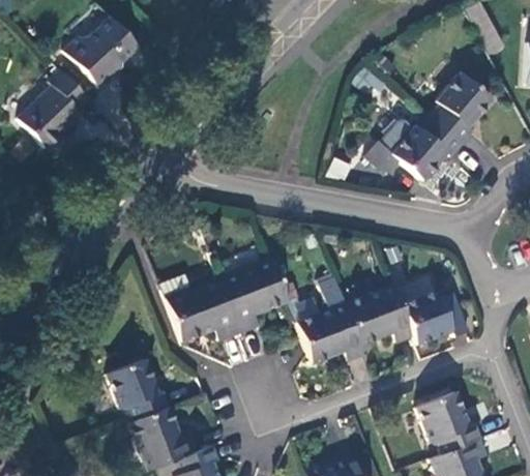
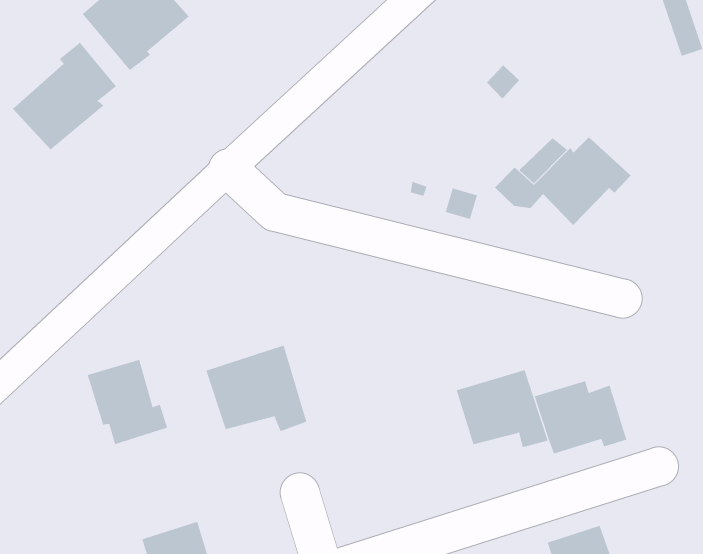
building: [430,71,492,142] -> none
building: [222,258,289,331] -> none
building: [298,278,364,361] -> none
building: [108,359,168,421] -> [87,359,168,445]

